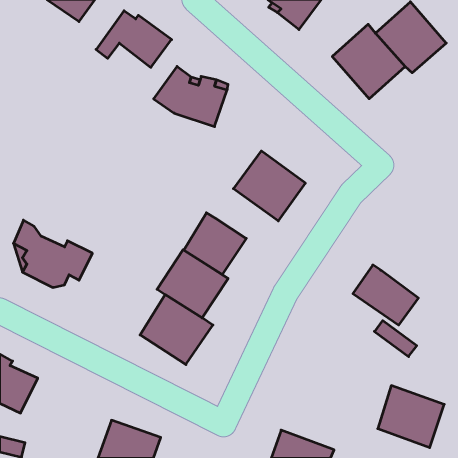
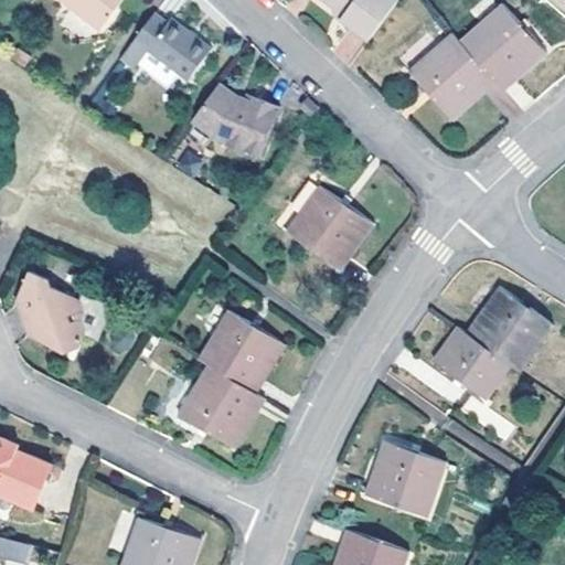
building: [184,213,246,275] -> none
building: none -> [468,287,554,372]
building: [378,386,444,448] -> [367,443,449,519]

